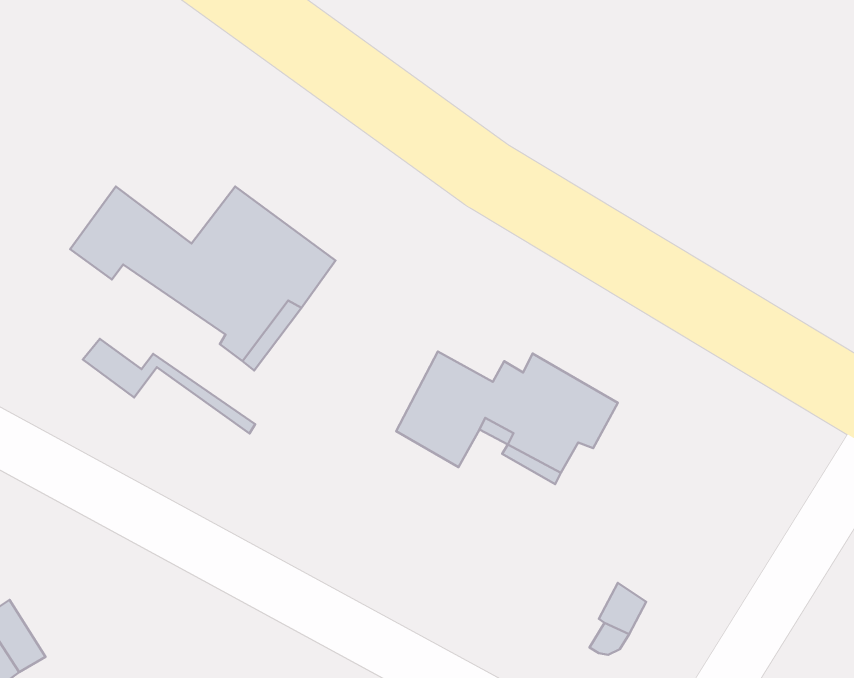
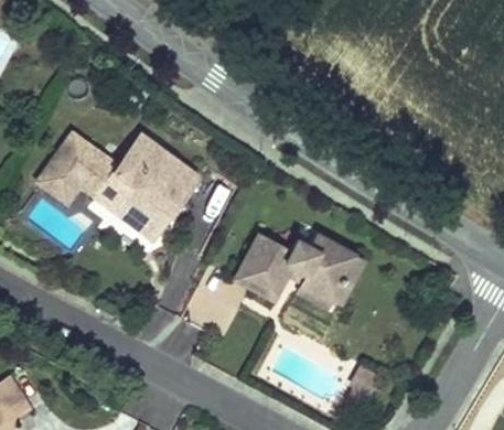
building: [83,339,255,434] -> [35,171,136,226]

